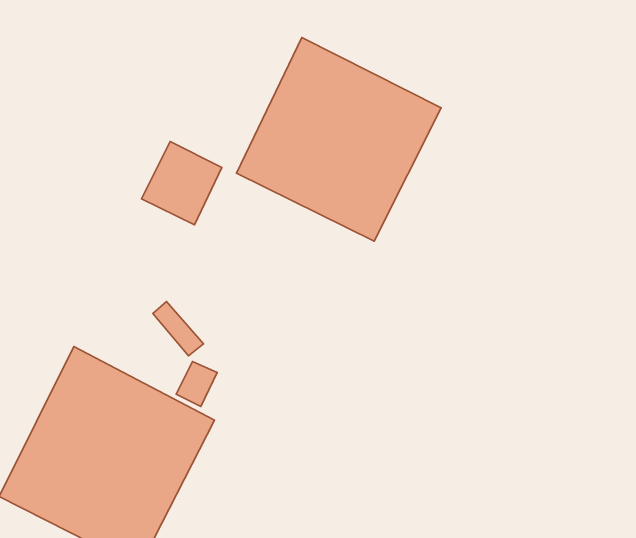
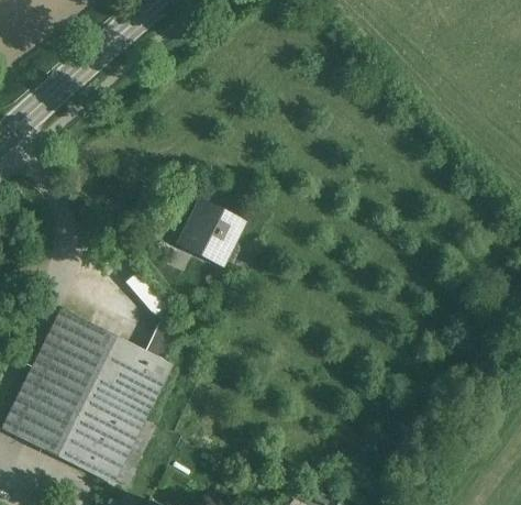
building: [237,38,441,241] -> none
building: [141,142,222,225] -> [179,199,244,266]

